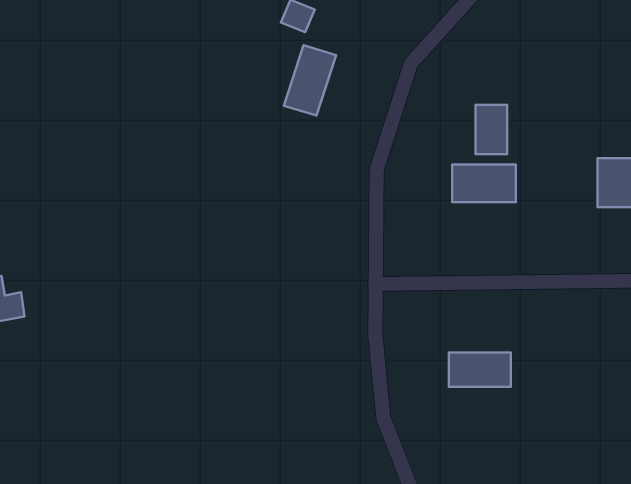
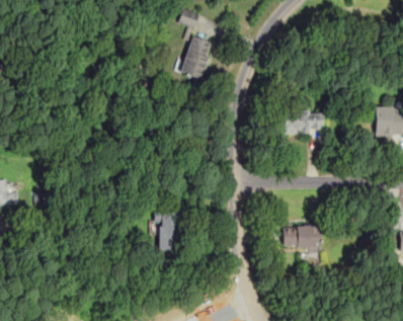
building: [476,105,507,154] -> none
building: none -> [158,213,180,250]

